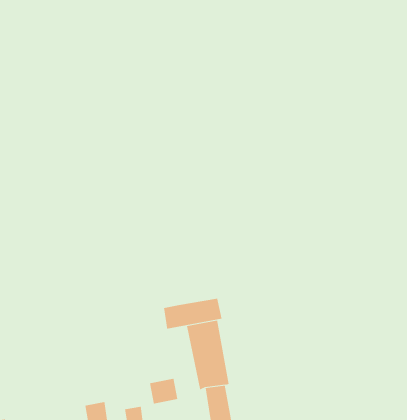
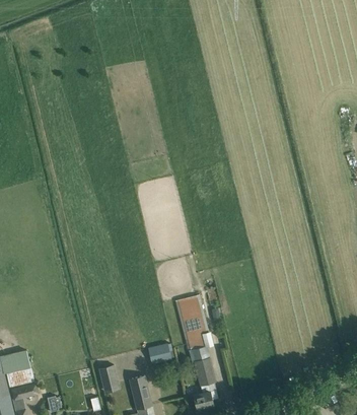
building: [163,298,222,330] -> none

